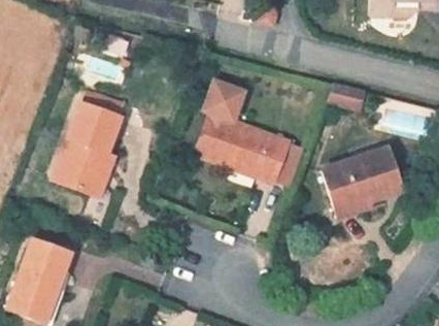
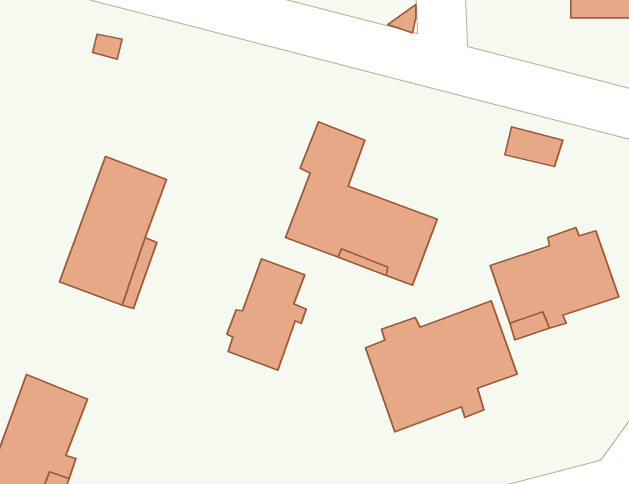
building: none -> [227,259,306,370]
building: none -> [365,301,517,432]

